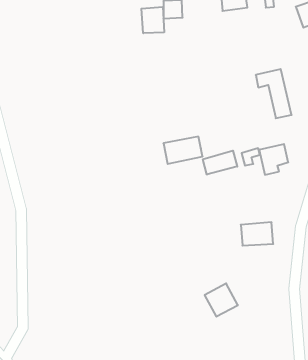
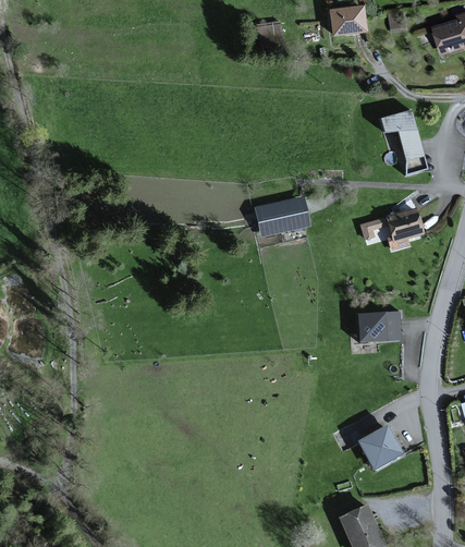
building: [141,7,164,33] -> none
building: [203,151,237,175] -> none
building: [205,283,238,317] -> [359,425,403,469]

